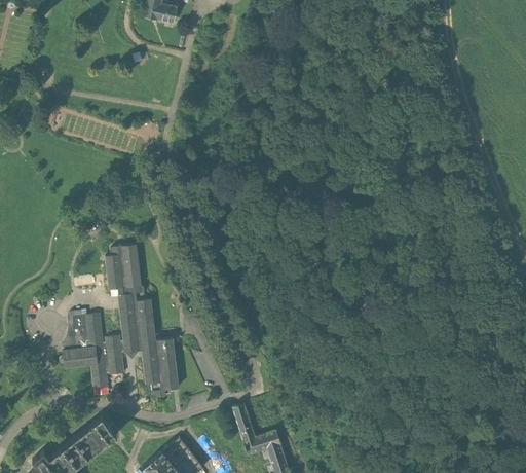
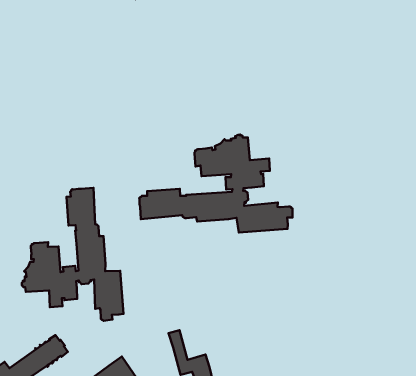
building: none -> [139,134,292,232]

